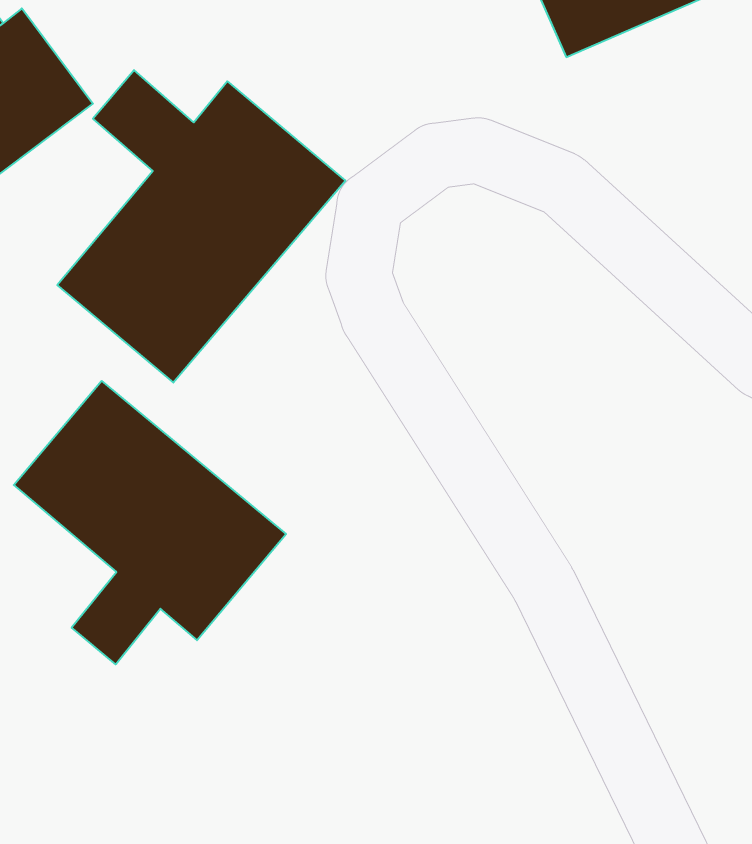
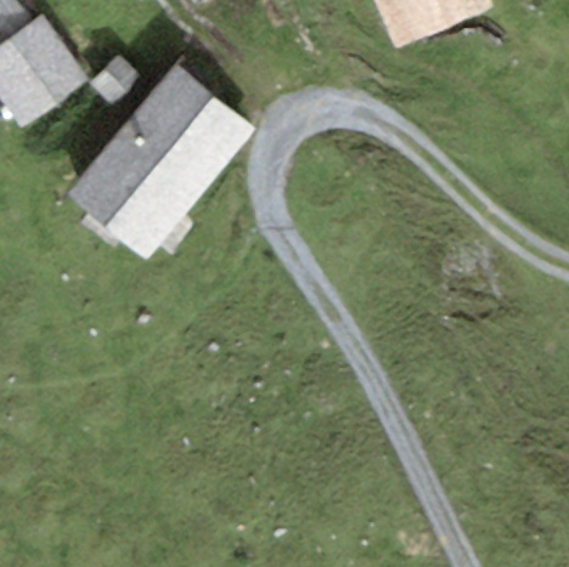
building: [14,381,286,664] -> none

